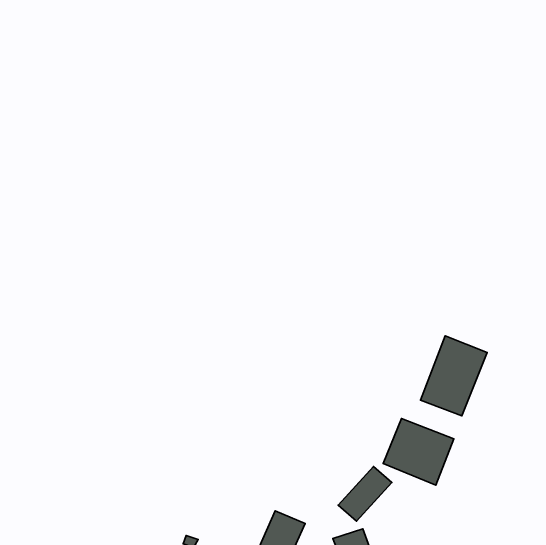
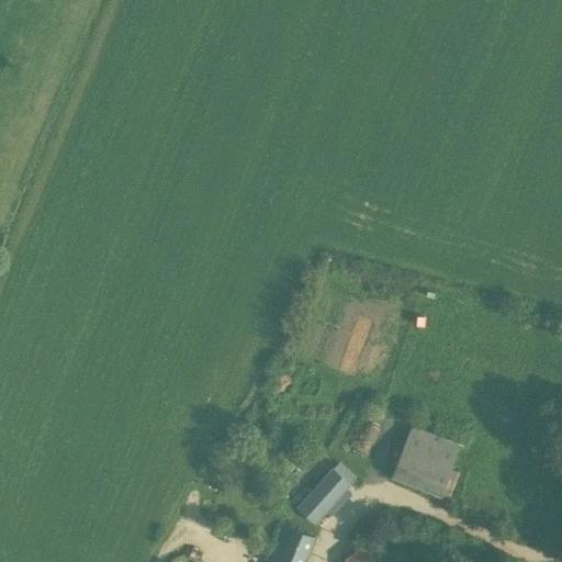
building: [420,336,487,416] -> none
building: [338,466,392,521] -> [295,470,350,526]

